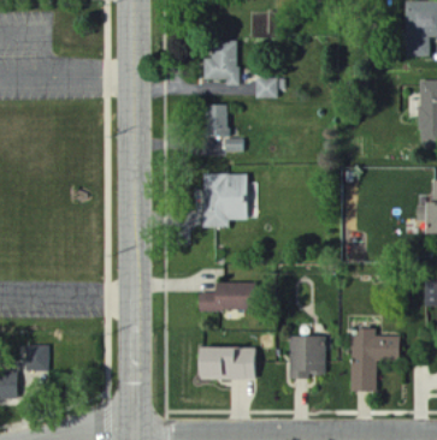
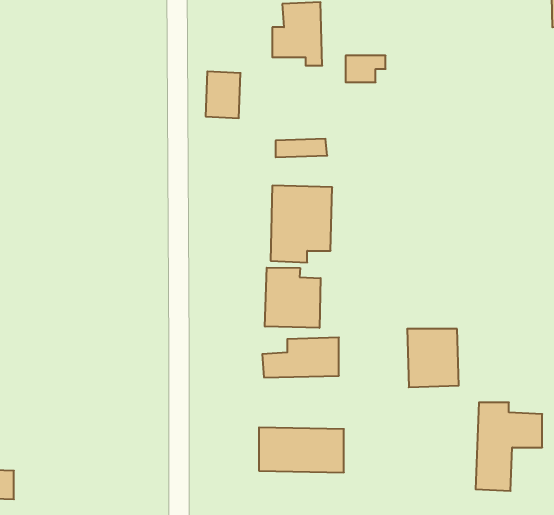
building: [205,103,230,137] -> [206,71,241,118]
building: none -> [265,268,321,328]
building: [289,335,326,377] -> [407,329,459,387]
building: [25,346,51,370] -> none

